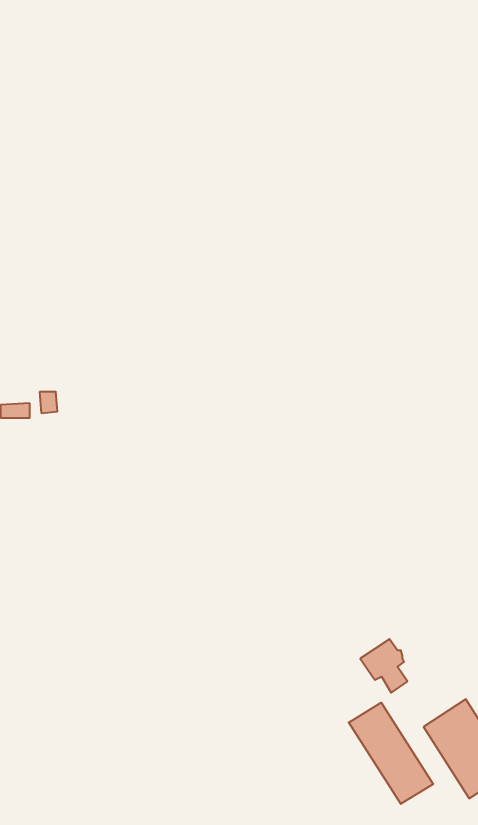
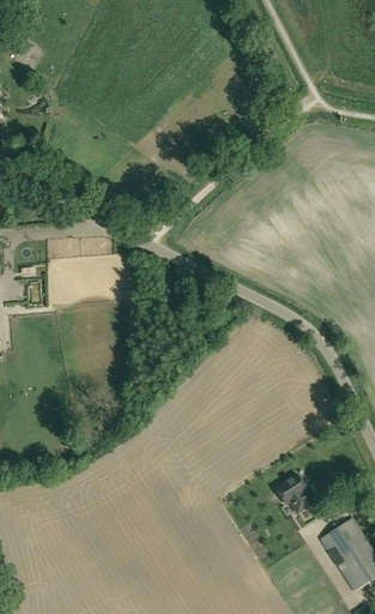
building: [349,703,433,804] -> none

